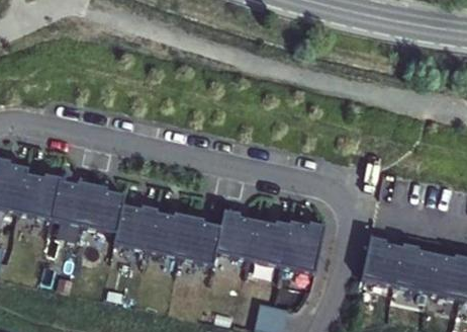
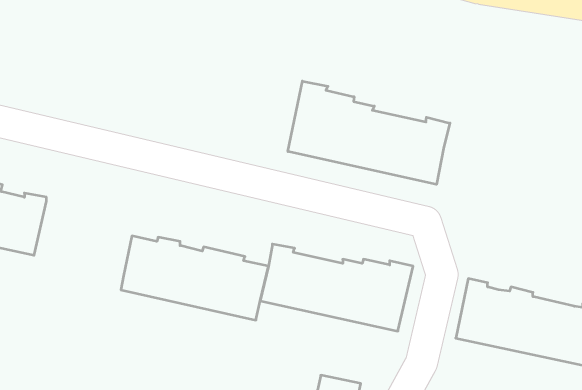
building: none -> [288,81,450,184]
building: [50,178,123,233] -> none

